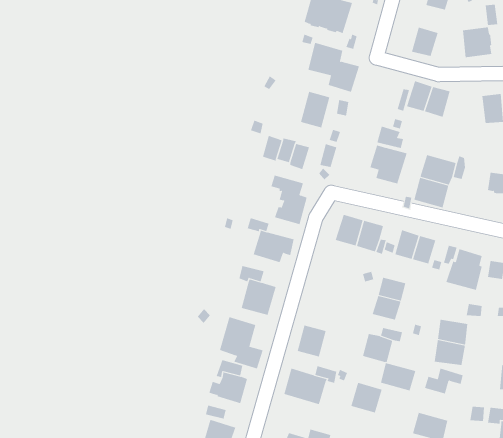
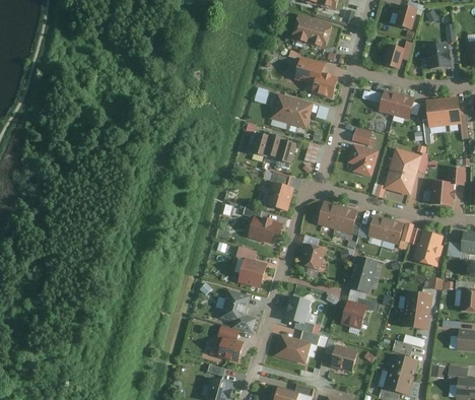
building: none -> [269,91,294,123]
building: none -> [425,101,445,126]
building: none -> [429,180,456,205]
building: none -> [298,243,325,269]
building: [380,363,416,391] -> [388,352,418,377]

